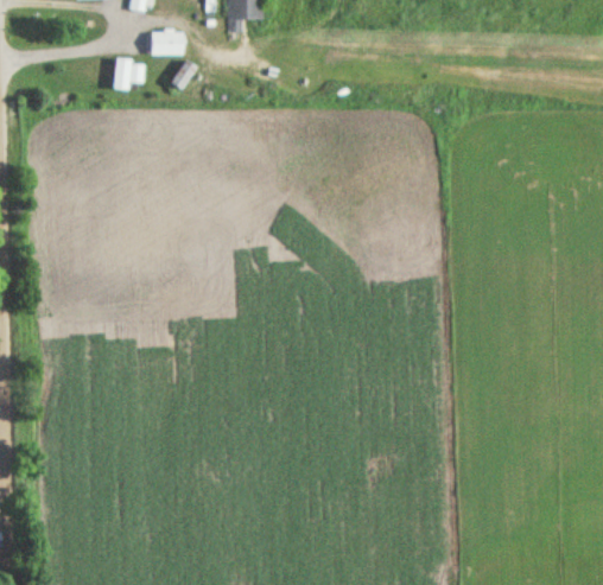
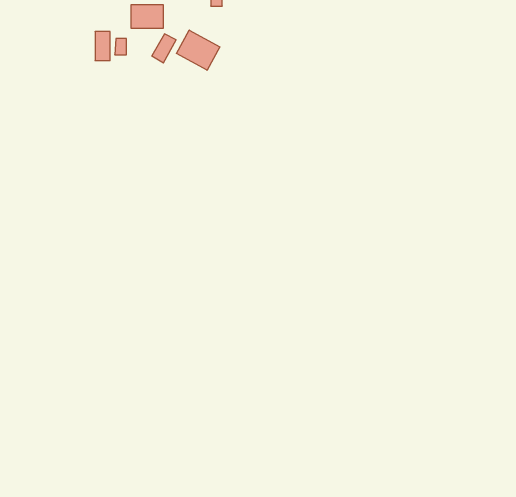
building: none -> [176,30,220,70]

